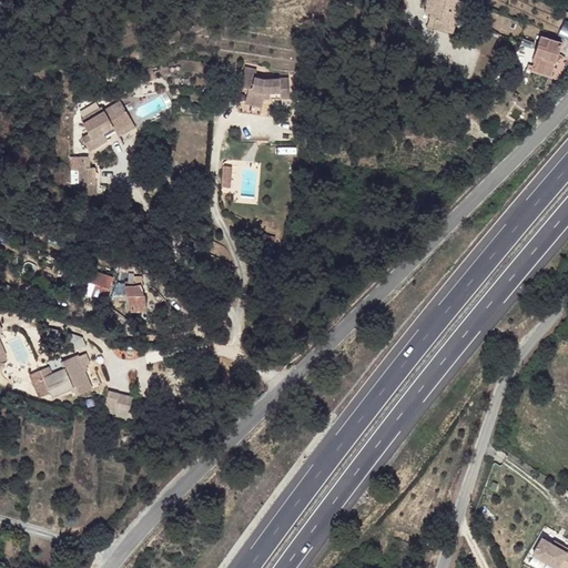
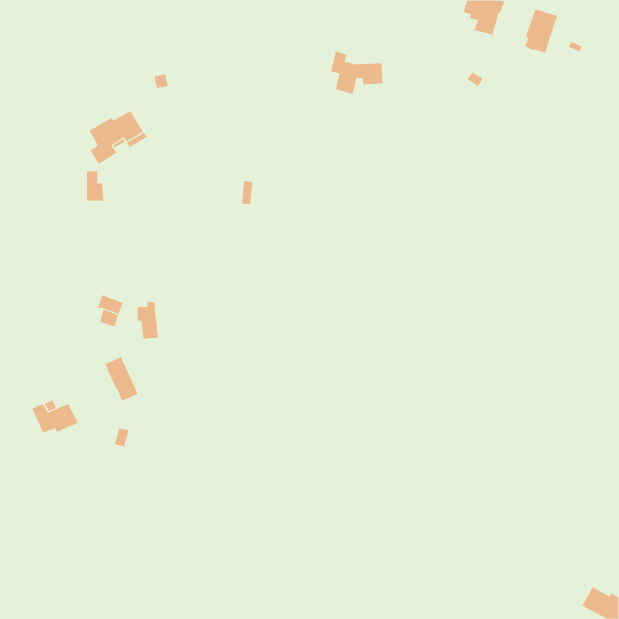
building: [530,36,561,77] -> [524,9,558,53]
building: [241,67,290,106] -> [330,51,384,94]
building: [60,355,91,396] -> [104,357,138,401]

